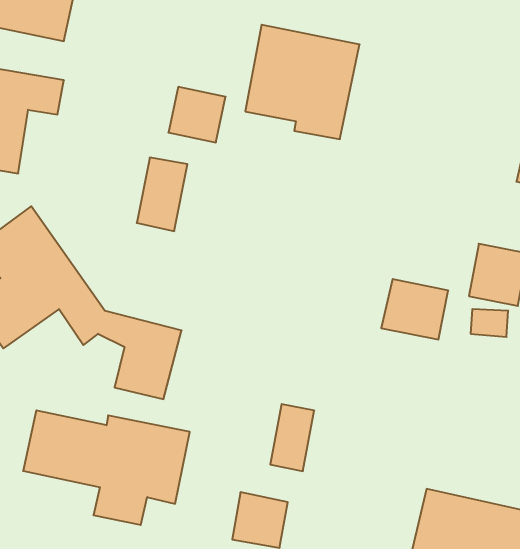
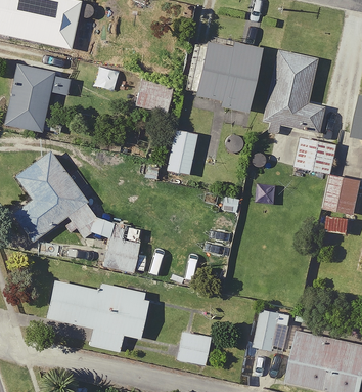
building: none -> [264,50,324,133]
building: [137,158,187,231] -> [167,130,198,176]
building: [381,279,448,340] -> [295,137,336,175]
building: [270,404,314,471] -> [255,309,282,351]

